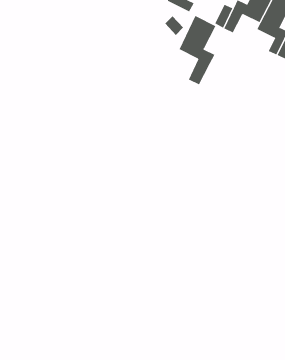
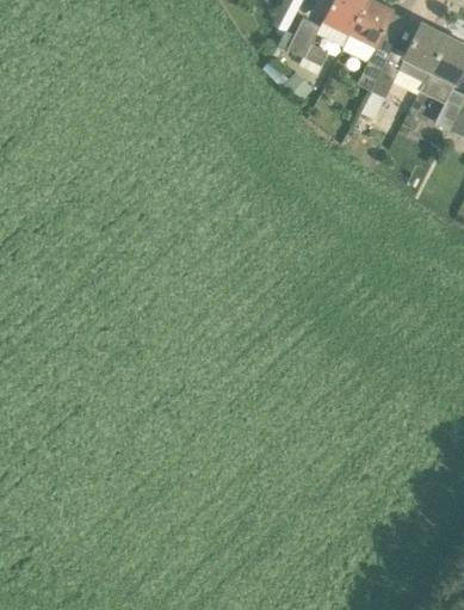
building: [179,15,216,85] -> none

